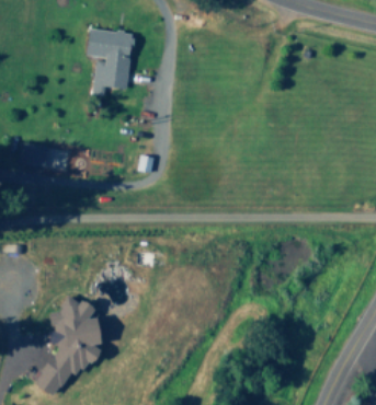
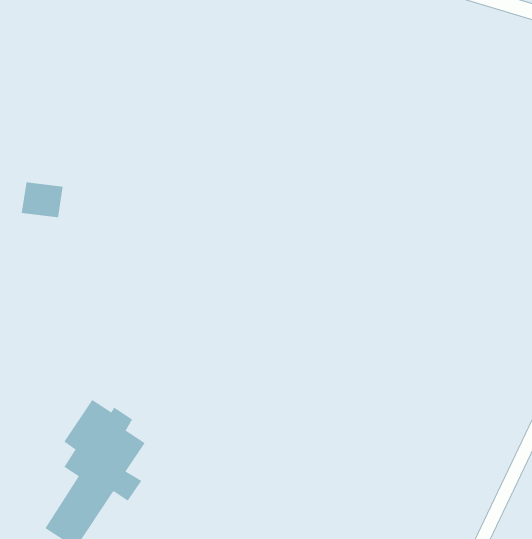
building: [88,30,134,94] -> none

